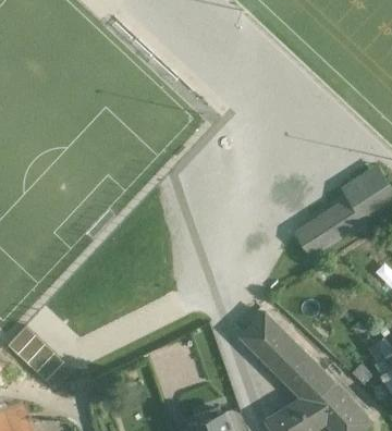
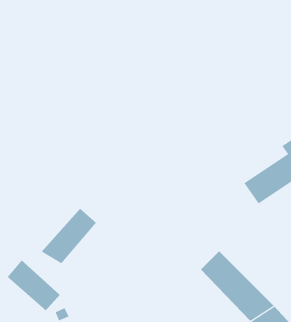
building: none -> [41,208,97,264]

